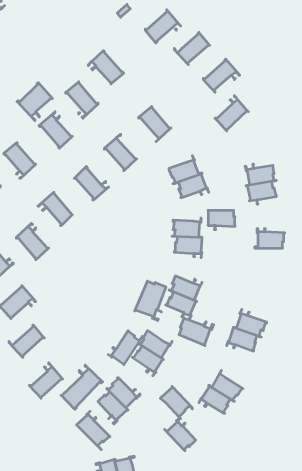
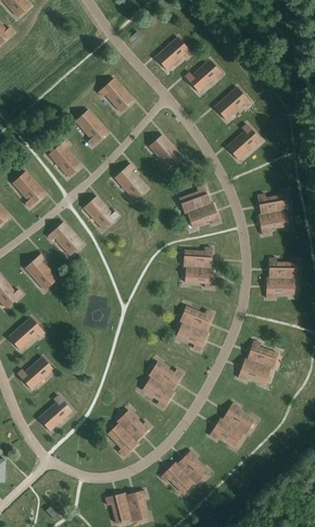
building: [17,83,52,121] -> none
building: [208,210,235,230] -> [266,279,293,298]
building: [135,281,166,321] -> none
building: [179,318,214,346] -> none
building: [108,331,142,365] -> none
building: [61,365,103,409] -> none
building: [160,386,192,418] -> [163,463,196,494]
building: [77,411,110,450] -> none

